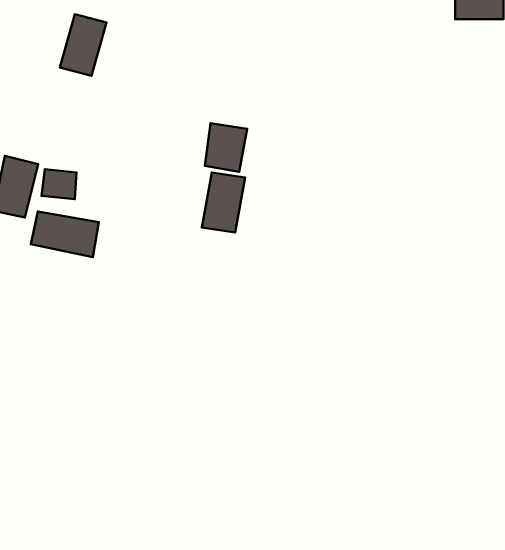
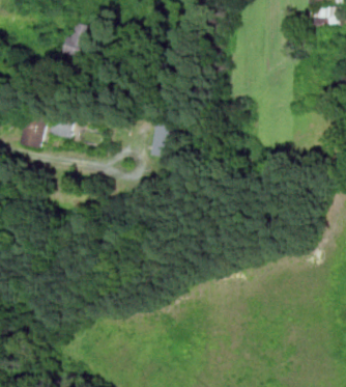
building: [205,123,247,172] -> none
building: [31,211,99,257] -> none

